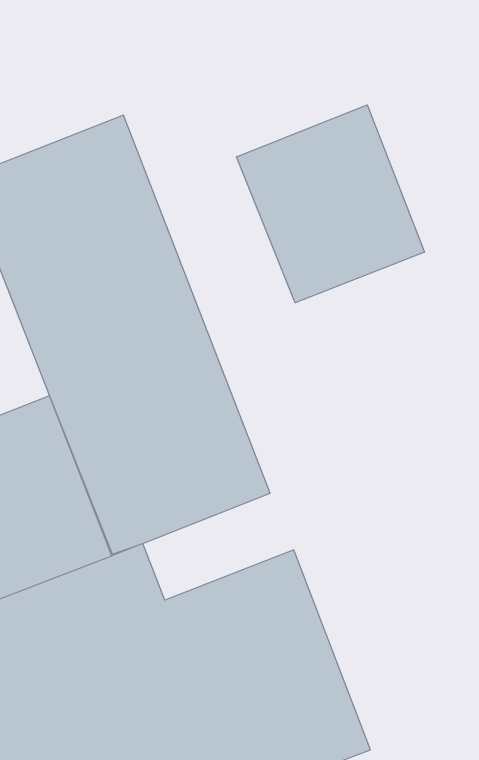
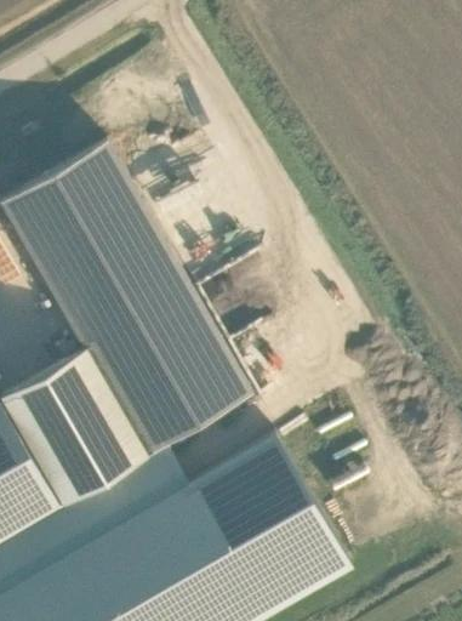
building: [237,105,425,303] -> none

